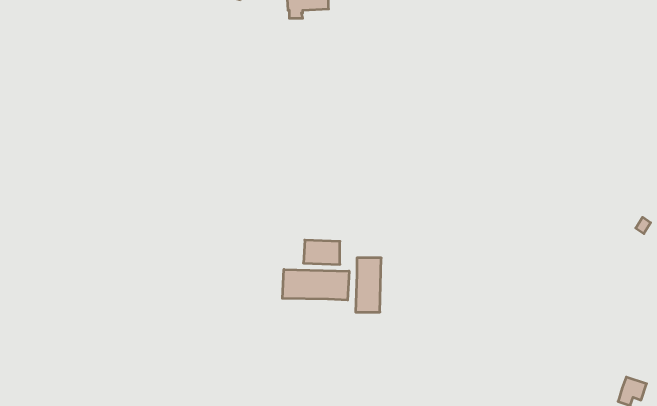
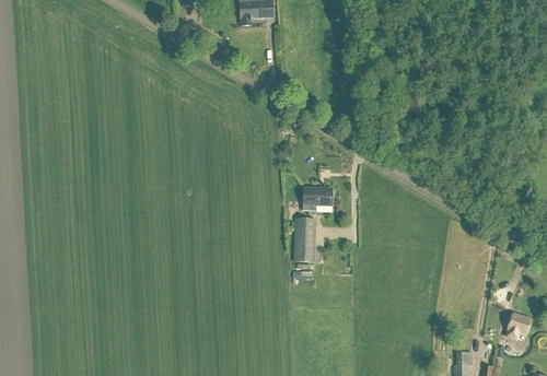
building: [303,240,340,264] -> [302,187,331,207]
building: [282,269,349,300] -> none

